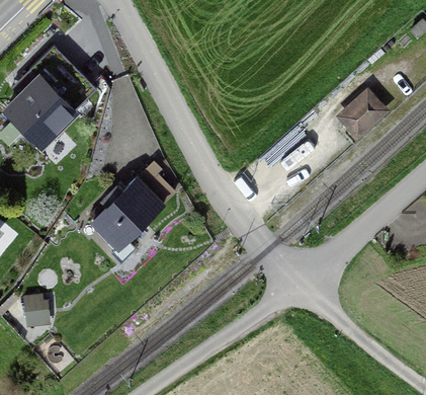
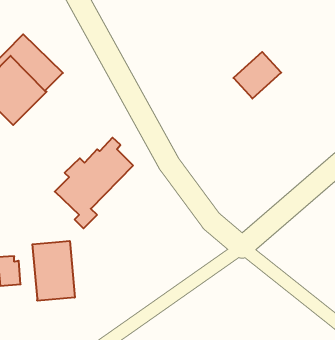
building: [335,89,389,142] -> [233,52,281,99]
building: none -> [32,241,75,301]

